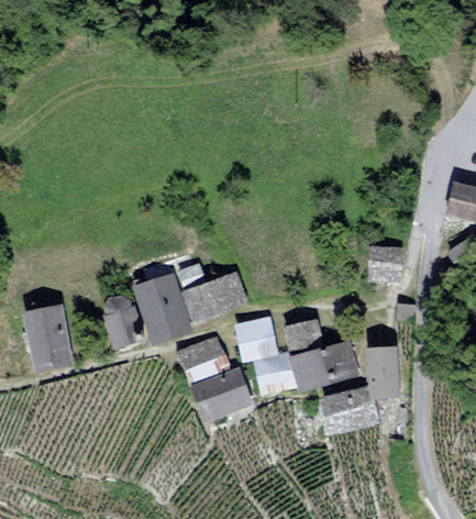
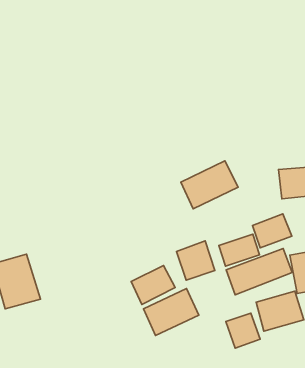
building: [184,269,250,320] -> [181,161,238,209]
building: [133,273,187,339] -> none
building: none -> [252,214,292,248]
building: [99,300,141,344] -> none
building: [257,356,295,395] -> [226,313,260,348]

